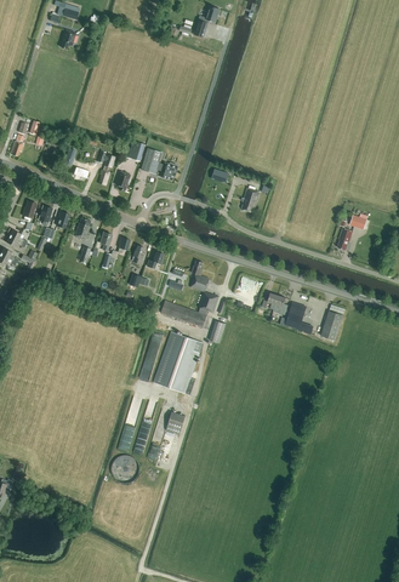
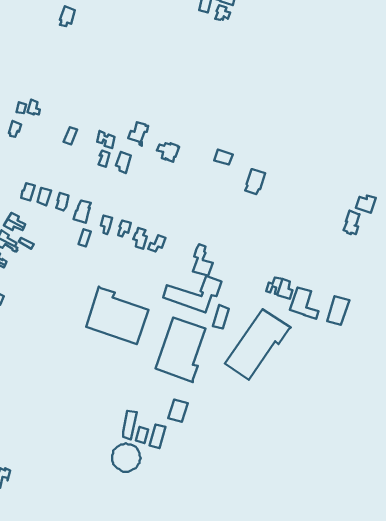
building: none -> [86,287,149,344]
building: none -> [225,309,291,380]

